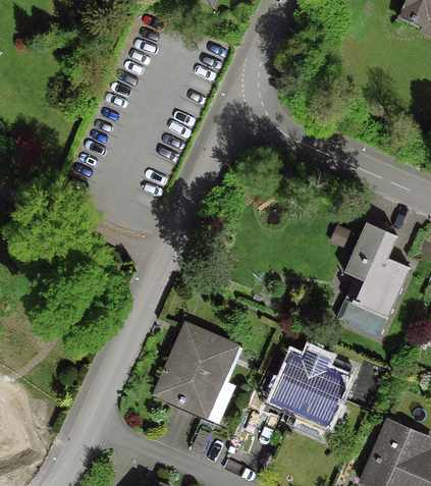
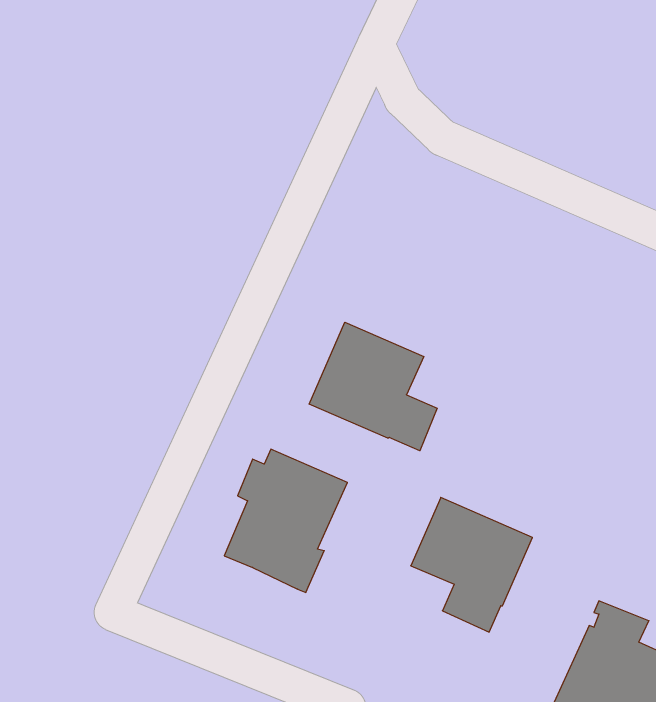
building: [337,221,410,335] -> none
building: none -> [309,322,437,451]

